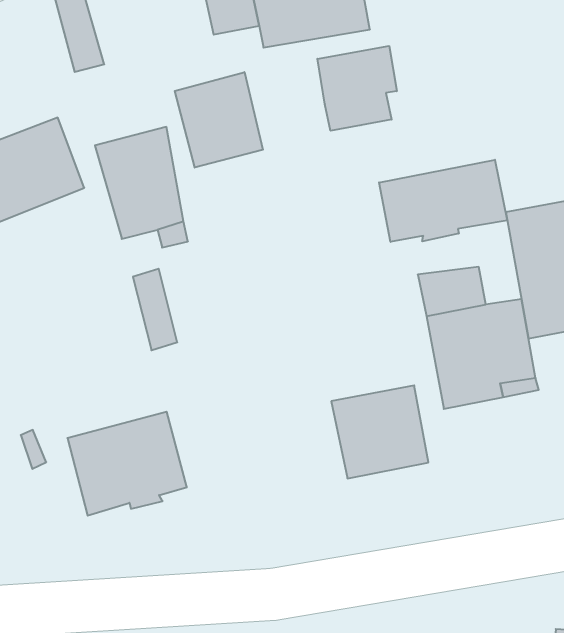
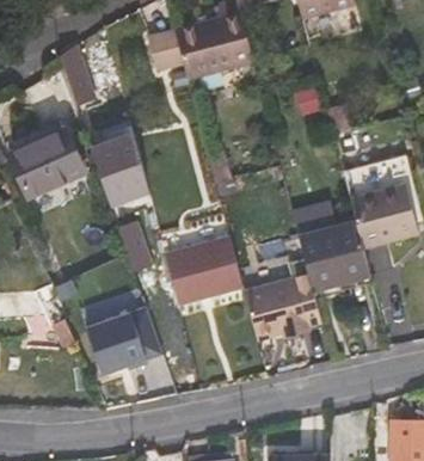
building: [317,46,397,131] -> none
building: [175,72,263,168] -> none
building: [379,160,507,242] -> none
building: none -> [165,236,244,303]

